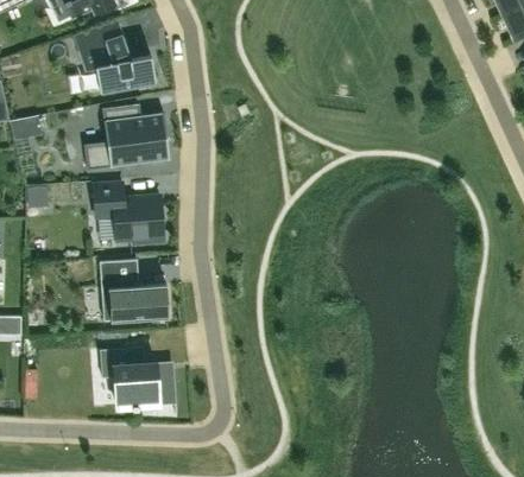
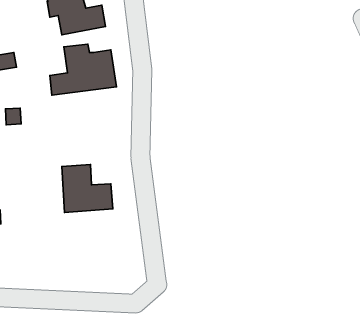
building: [93,184,164,243] -> none
building: [100,346,176,407] -> none

